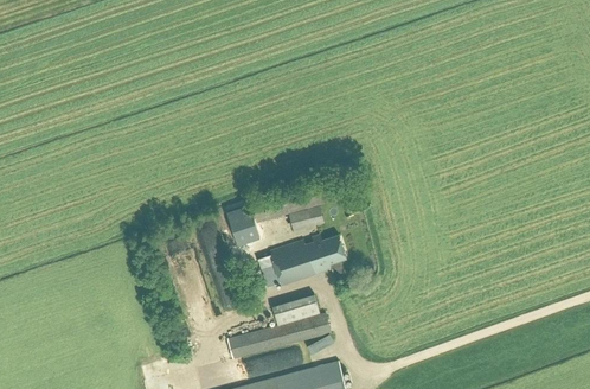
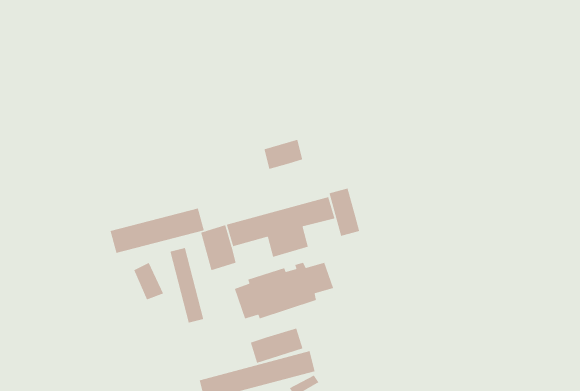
building: none -> [263,139,303,170]
building: none -> [329,187,360,237]
building: none -> [110,208,205,254]

